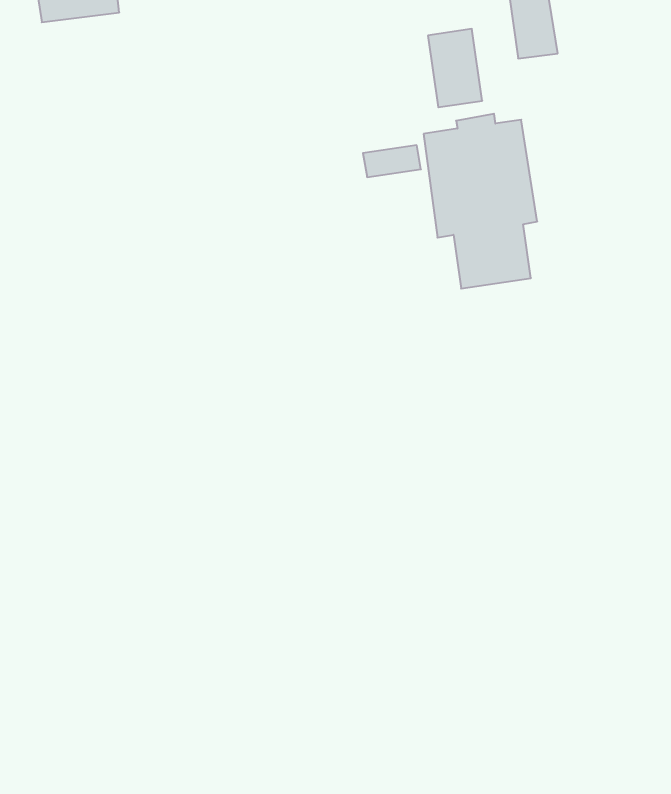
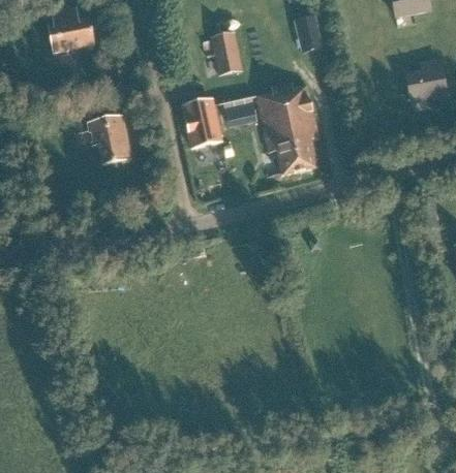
building: [428,29,482,107] -> [212,32,243,74]
building: none -> [183,96,220,144]
building: none -> [87,115,130,164]

